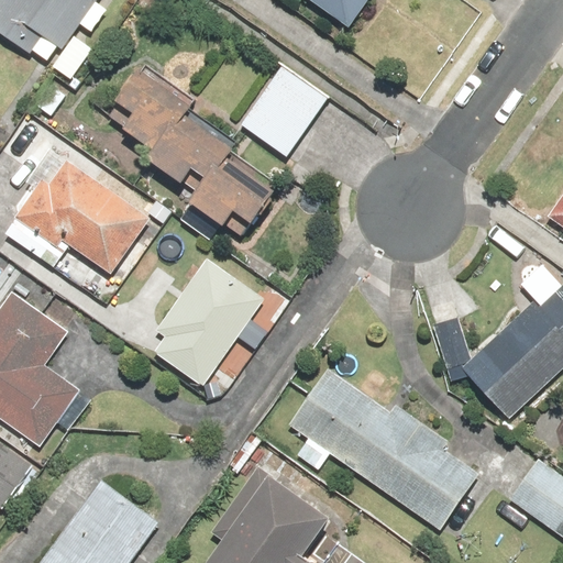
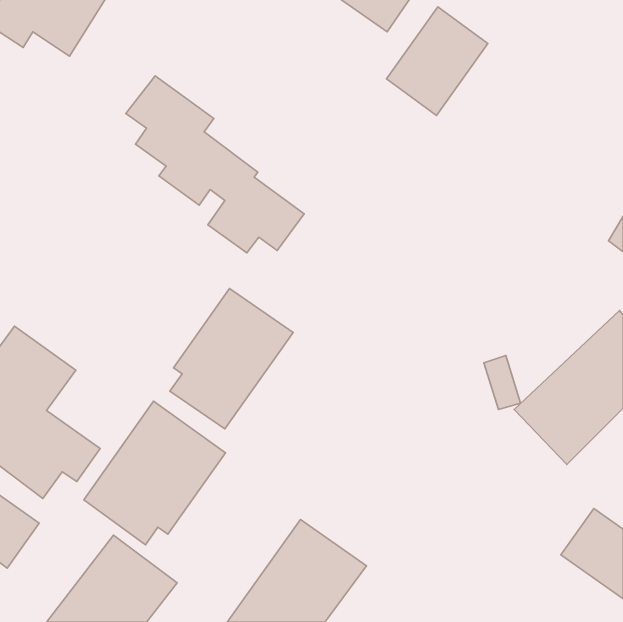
building: [241,60,332,158] -> [386,7,488,115]
building: [4,156,148,273] -> none
building: none -> [84,401,225,545]
building: [289,369,478,531] -> none

